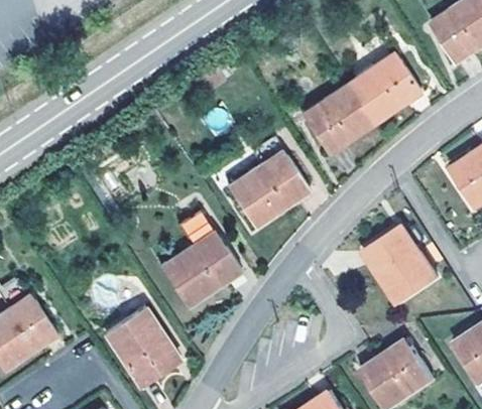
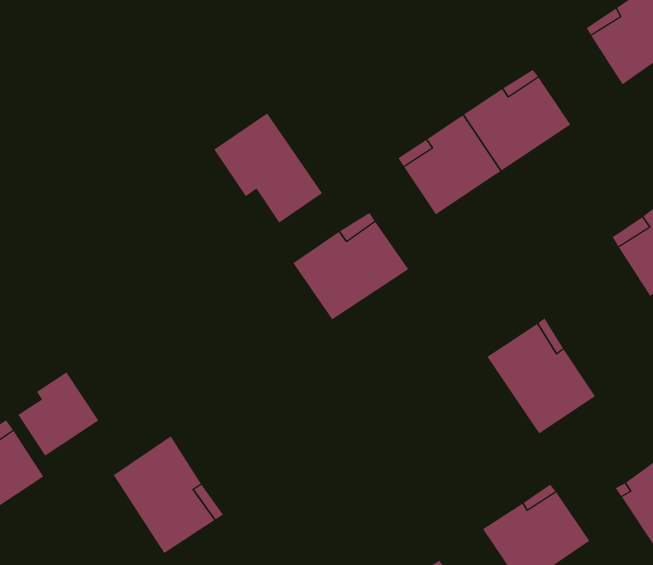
building: none -> [214,113,323,224]
building: [160,210,241,305] -> none
building: none -> [18,371,99,457]

